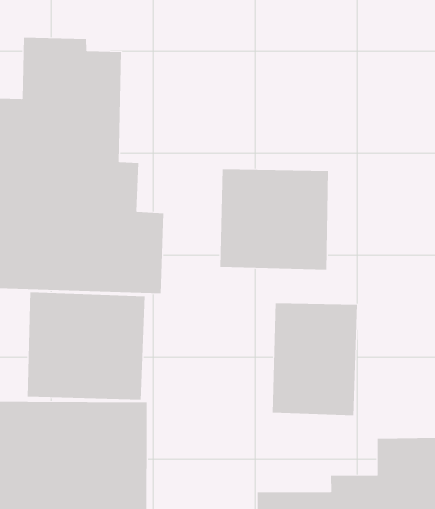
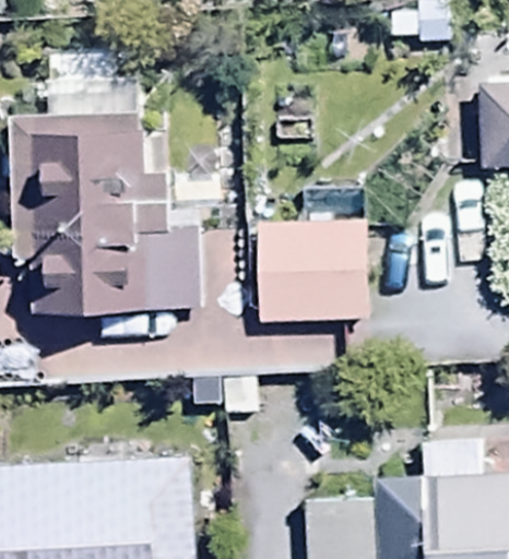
building: [27,291,145,401] -> none
building: [272,302,357,416] -> none

